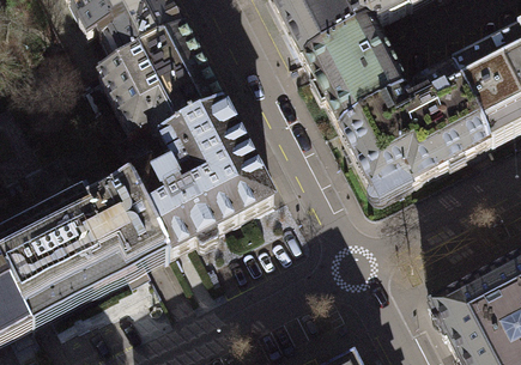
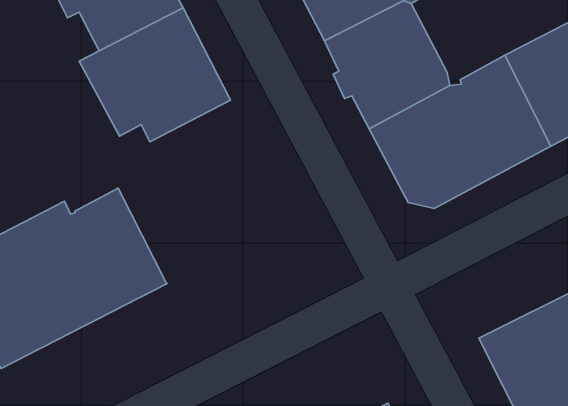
building: [131,102,274,253] -> none

